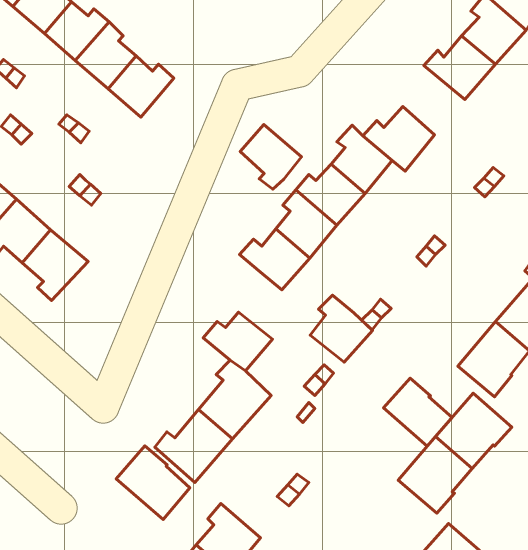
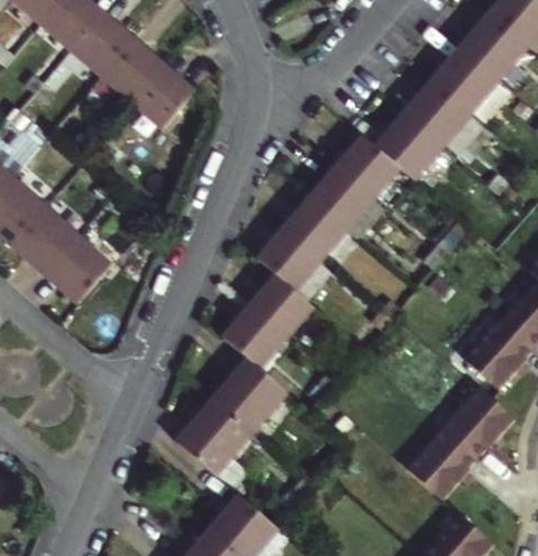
building: none -> [411,78,470,144]
building: [240,125,301,189] -> none
building: [310,295,372,362] -> [255,274,314,338]
building: [383,378,452,446] -> none
building: [116,446,190,520] -> none

